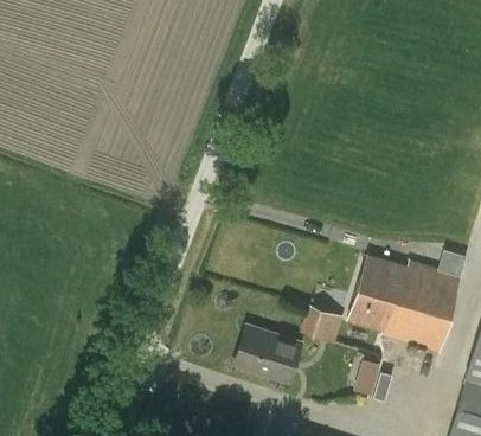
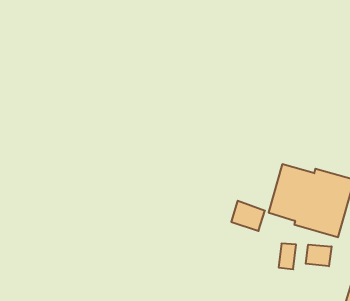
building: [236,326,301,378] -> none
building: none -> [306,245,332,266]

